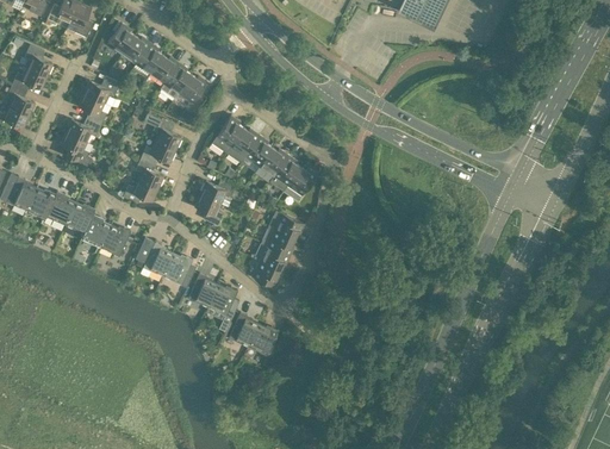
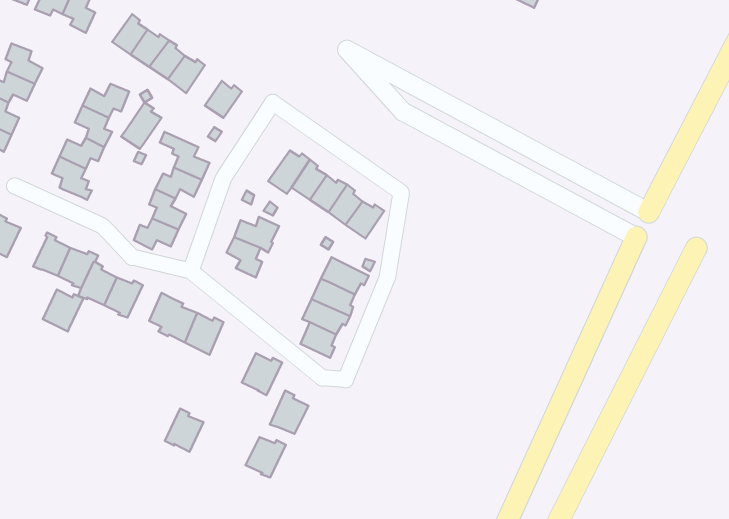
building: [160,62,191,98] -> [121,102,162,149]
building: [212,116,243,151] -> none
building: [25,187,56,219] -> [43,290,83,331]
building: [187,273,217,306] -> [165,408,203,452]
building: [247,324,278,355] -> [245,437,286,477]

